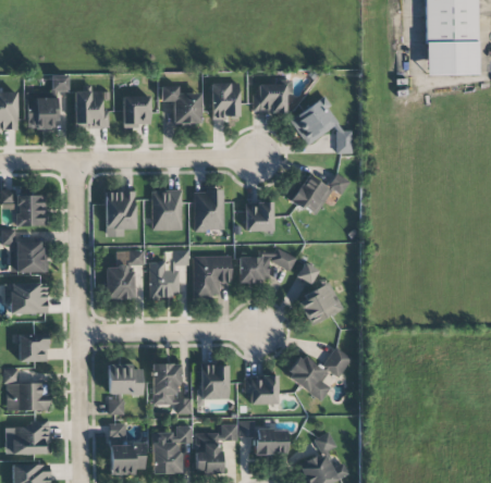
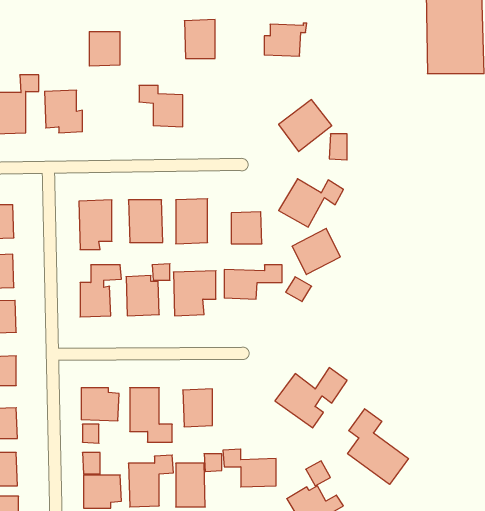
building: [211,82,240,117] -> [184,20,215,58]
building: [254,82,293,112] -> [264,23,307,56]
building: [123,95,151,126] -> [89,32,120,66]
building: [298,283,343,325] -> [292,228,340,275]
building: [245,375,279,404] -> none
building: none -> [348,409,408,484]

